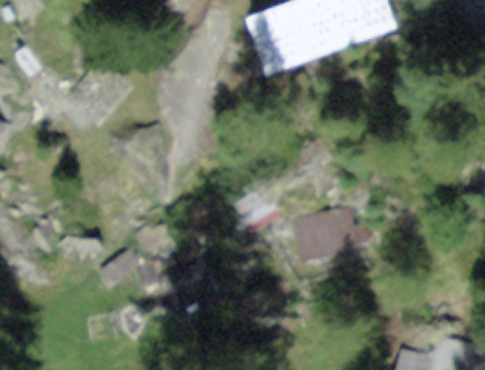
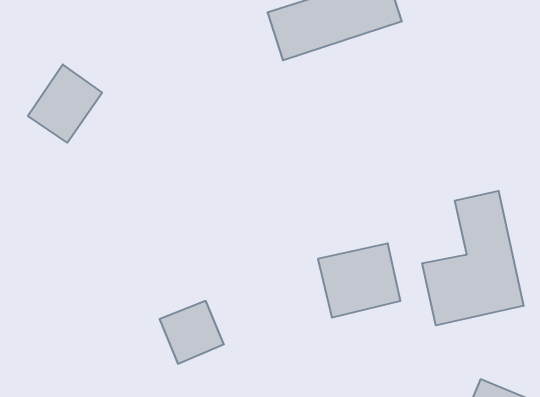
building: none -> [422,191,524,325]

